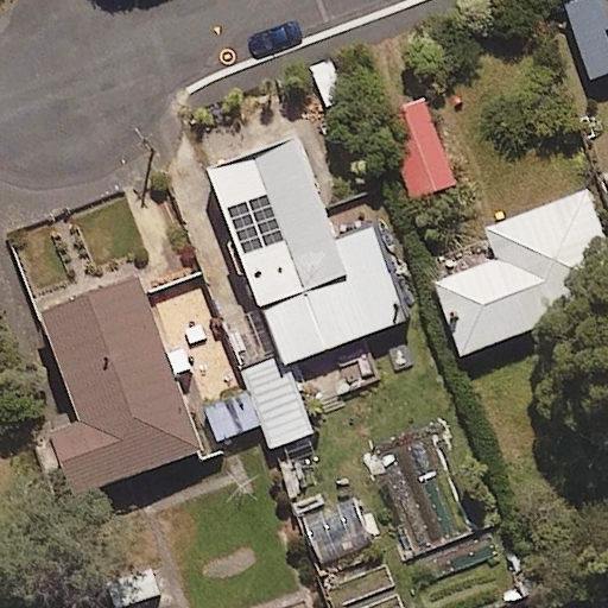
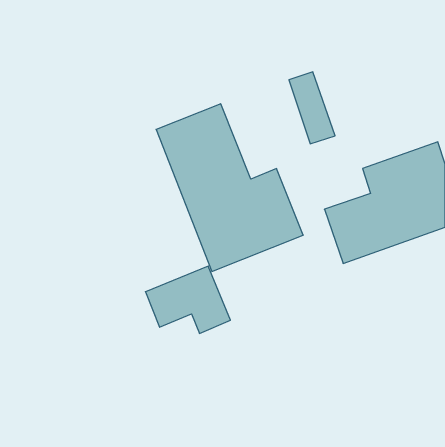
building: [39,277,201,494] -> none

